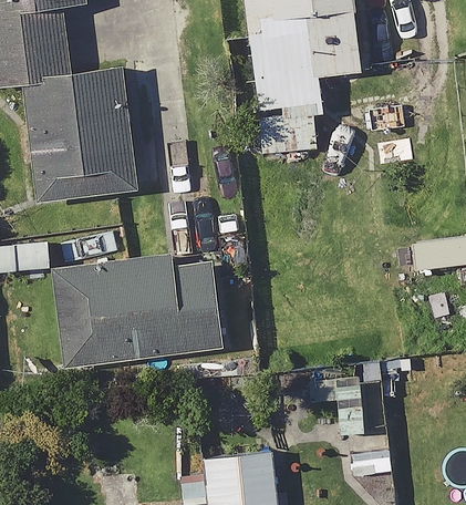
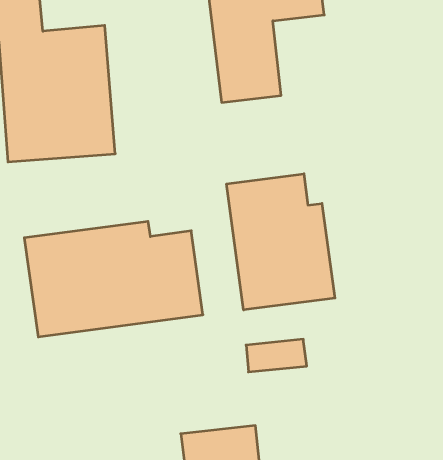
building: none -> [227,174,335,310]

